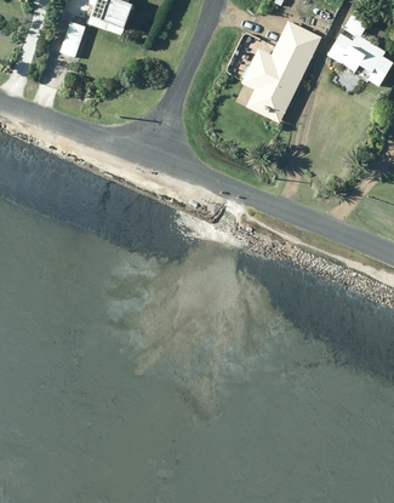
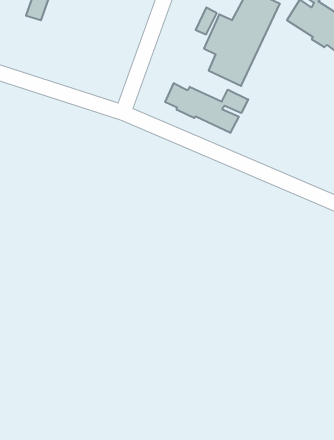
building: none -> [165,83,248,133]

